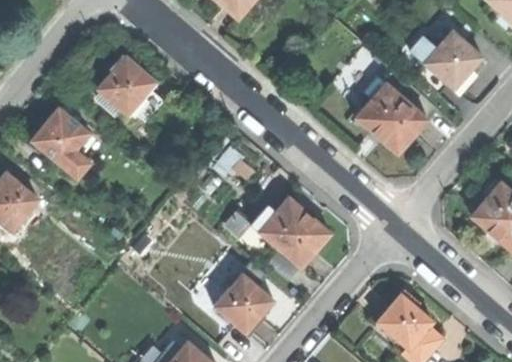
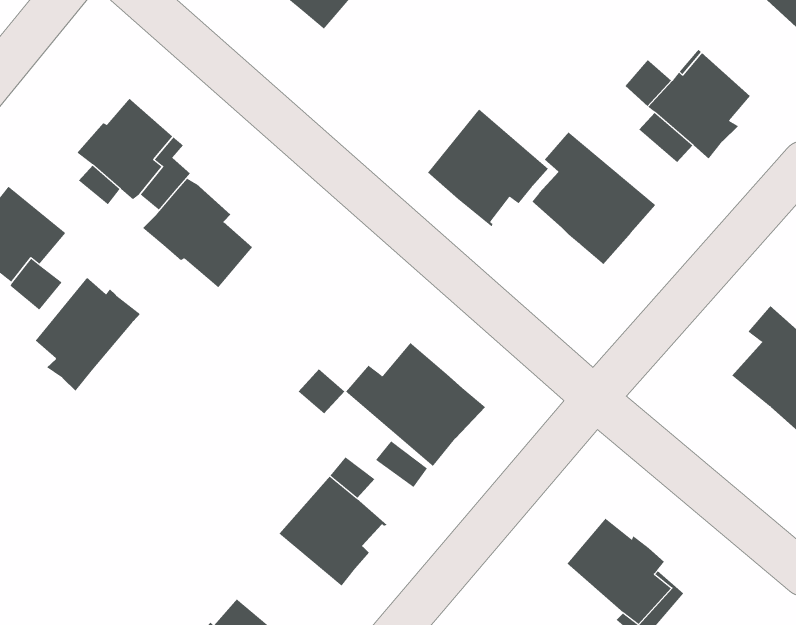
building: none -> [427,109,549,227]
building: none -> [142,178,253,288]
building: none -> [35,277,141,391]

